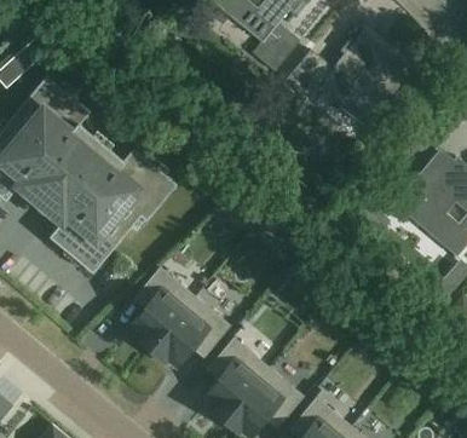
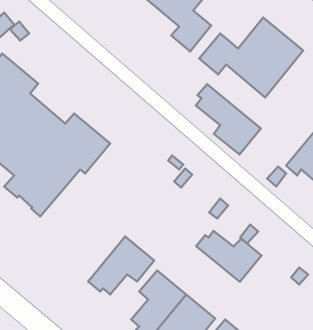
building: none -> [196,84,261,154]
building: [128,267,195,352] -> none
building: none -> [196,231,261,282]

